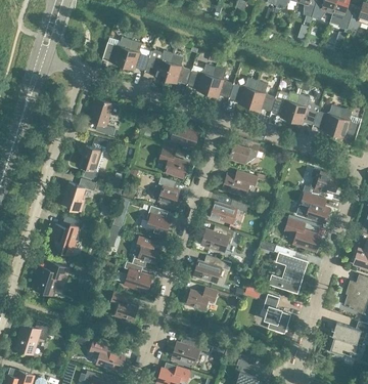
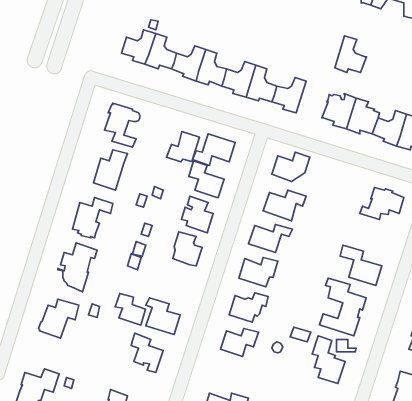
building: [249,81,276,112] -> [335,36,367,73]
building: none -> [167,132,199,162]
building: [301,193,330,223] -> none
building: [135,238,160,264] -> [115,293,146,325]

